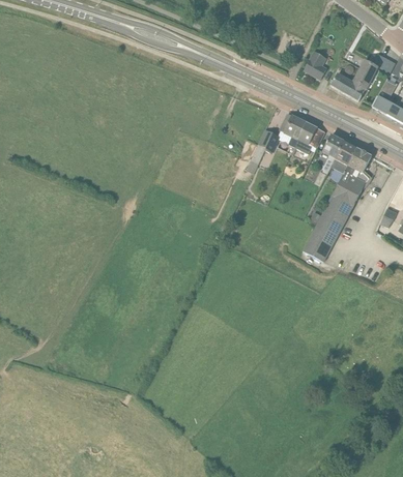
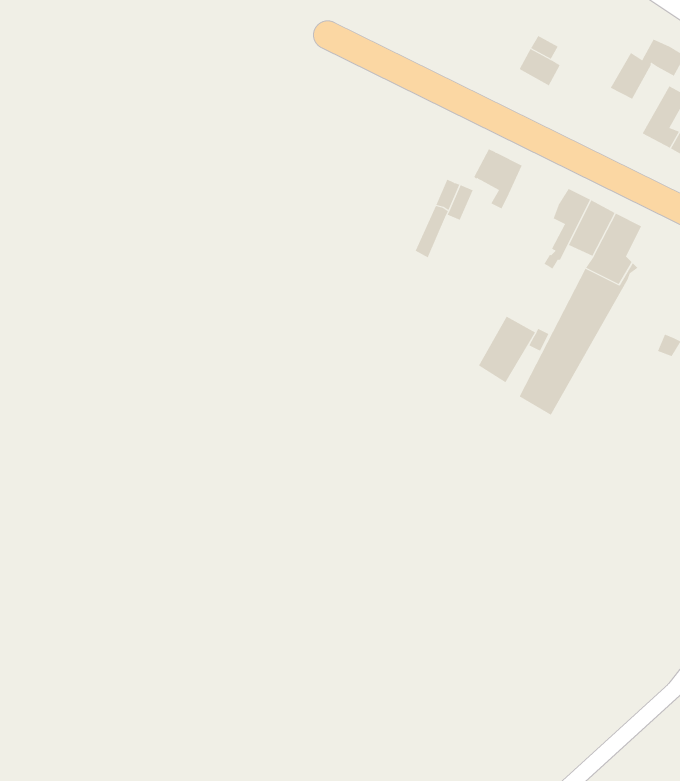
building: [330,71,366,100] -> none
building: [291,122,324,153] -> none
building: none -> [478,316,536,383]

